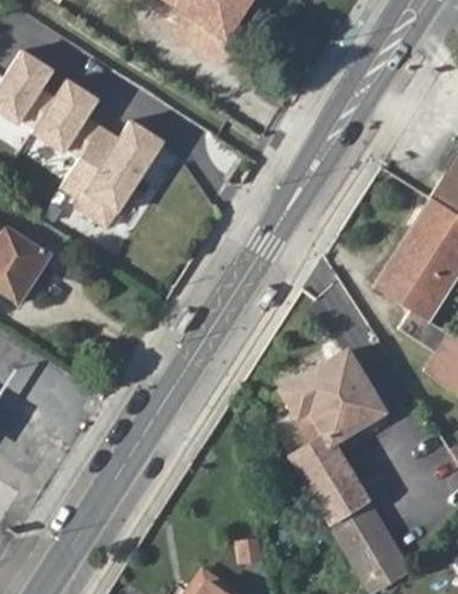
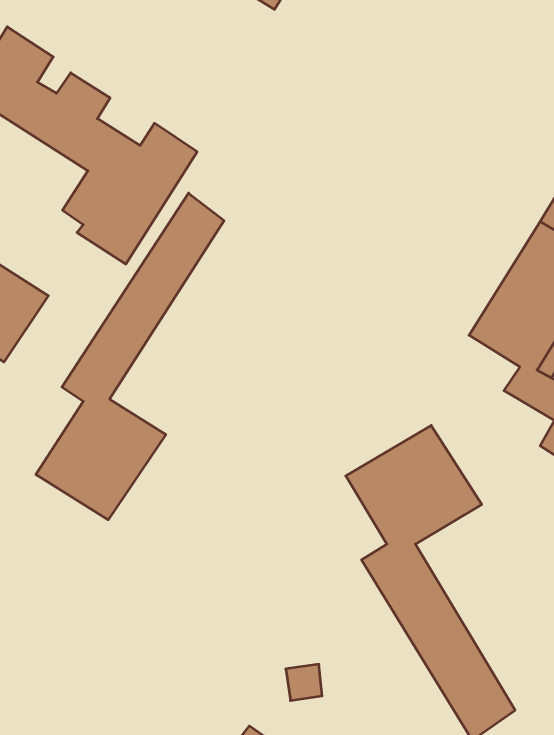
building: none -> [36,193,224,520]

